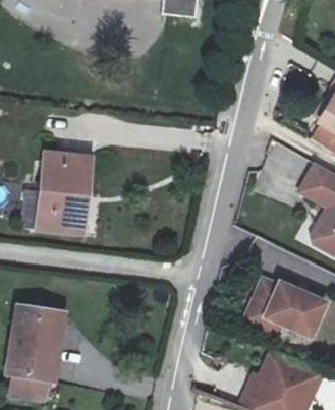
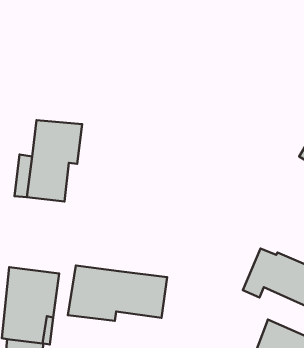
building: none -> [68,266,167,321]

